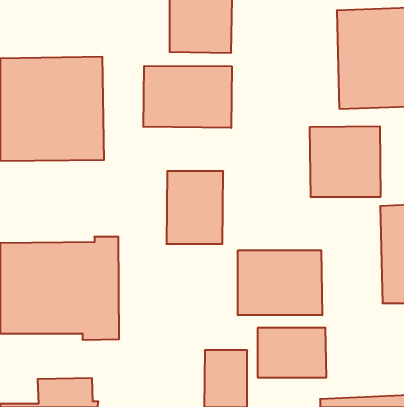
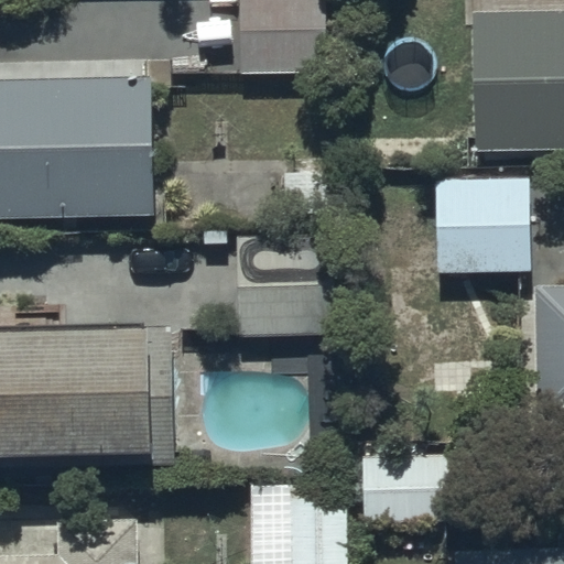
building: [144,66,232,128] -> none
building: [238,250,322,315] -> none

